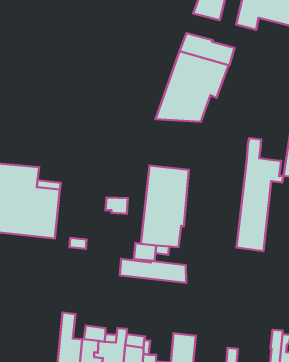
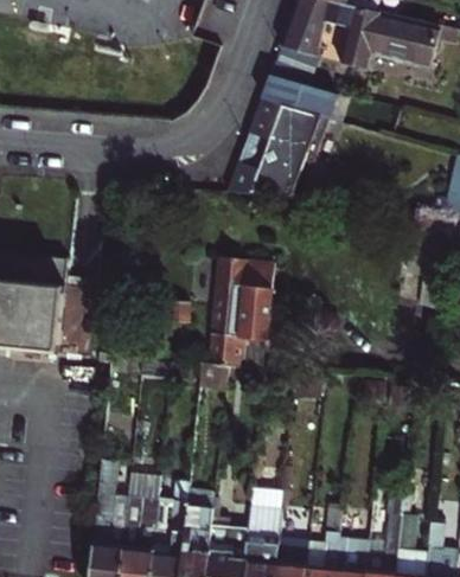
building: none -> [270,49,317,85]
building: [236,138,284,251] -> none
building: [120,259,186,283] -> none

